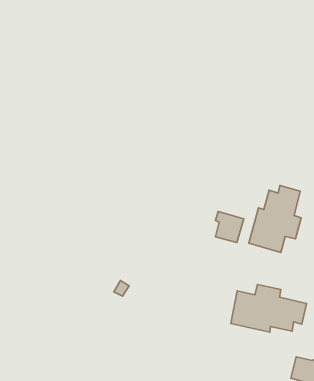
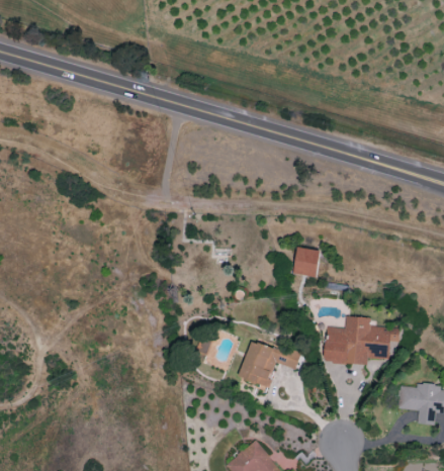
building: [249,185,301,252] -> none
building: none -> [239,339,300,387]

